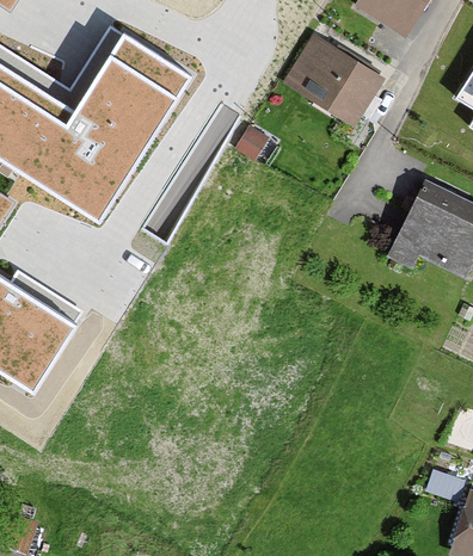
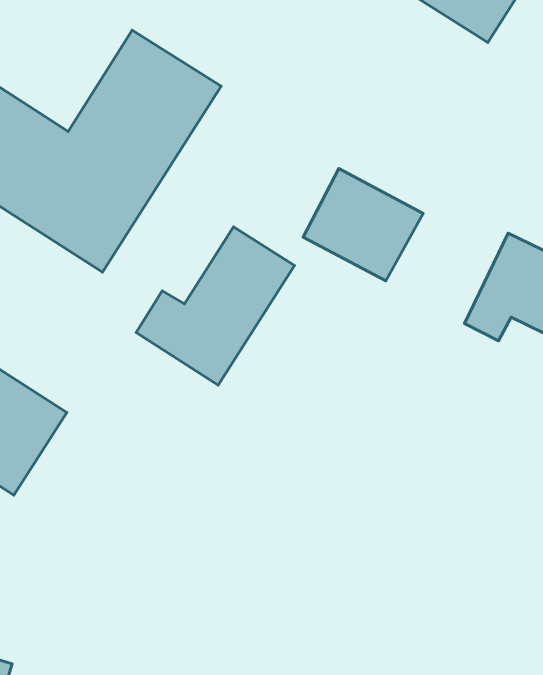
building: [288,41,380,126] -> [303,168,423,281]
building: none -> [136,227,295,385]

